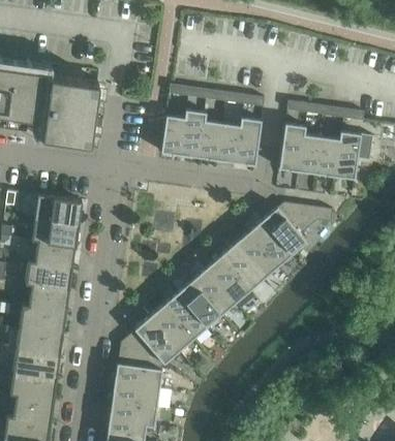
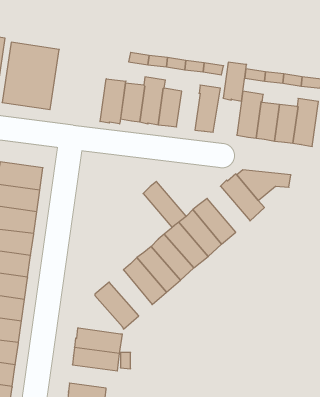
building: none -> [100,79,126,124]
building: [217,125,241,164] -> [223,62,247,101]
building: [248,221,292,267] -> [143,181,186,227]
building: [149,306,192,352] -> none
building: [118,332,162,371] -> none
building: [109,402,157,428] -> none

